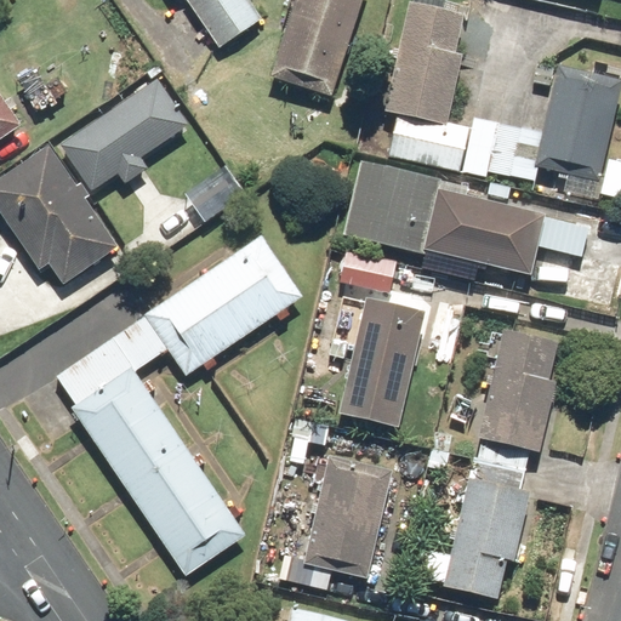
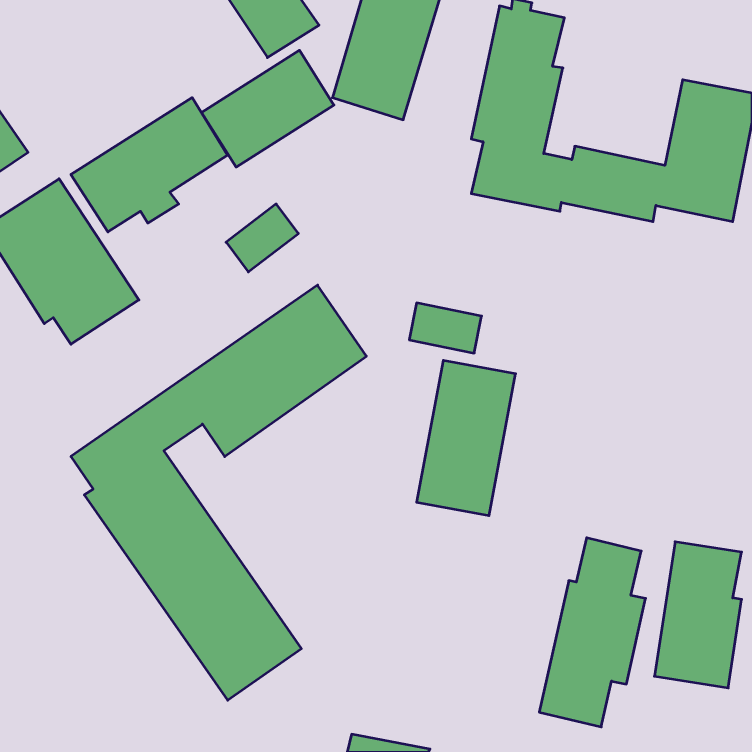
building: none -> [202,50,334,167]
building: [342,160,586,273] -> none
building: [483,329,554,449] -> [654,542,742,688]
building: [303,455,389,577] -> none

